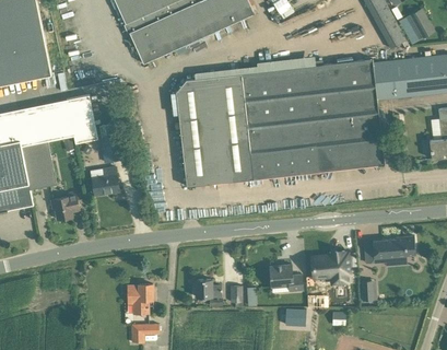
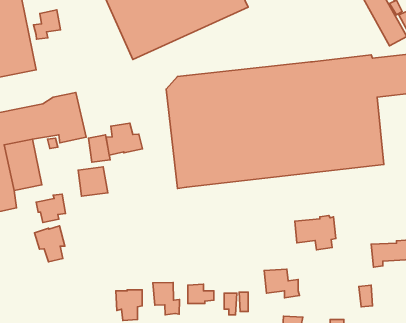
building: none -> [34,10,60,39]
building: none -> [106,123,143,155]
building: none -> [34,226,65,262]
building: [310,252,350,284] -> [295,216,336,250]
building: none -> [153,282,180,315]

